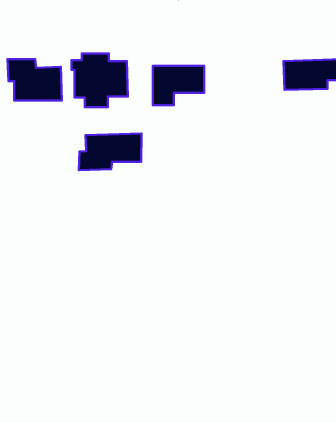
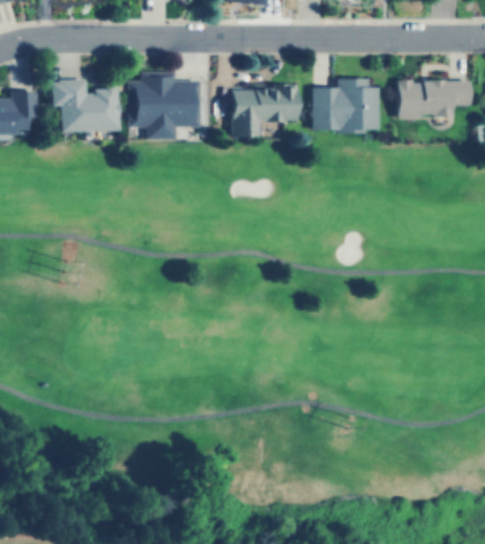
building: none -> [313,78,382,132]
building: [79,134,142,170] -> none

